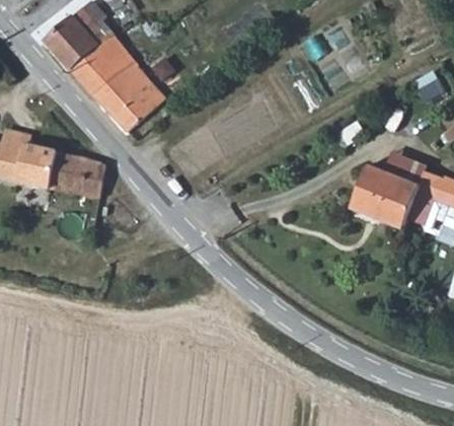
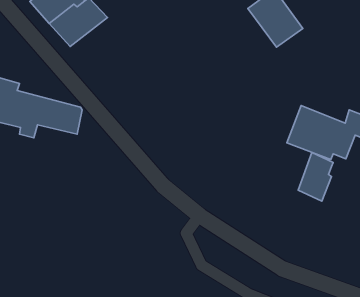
building: [91,57,163,130] -> none
building: none -> [298,152,333,201]

